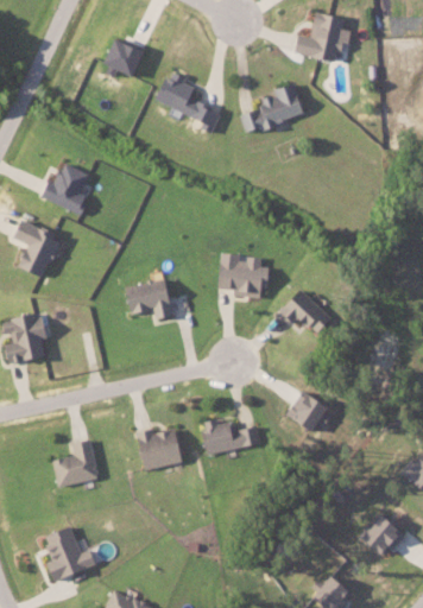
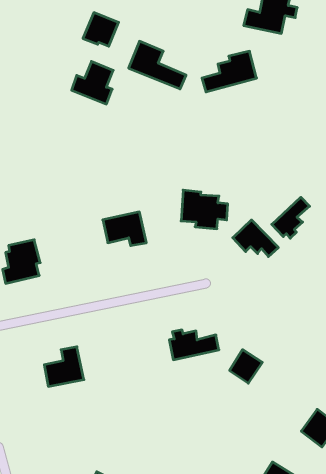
building: [42,163,91,214] -> [72,61,113,104]
building: [10,218,61,278] -> none
building: none -> [272,197,310,238]
building: [286,392,326,432] -> [230,350,262,383]
building: [135,428,185,471] -> none
building: [45,526,97,578] -> none

